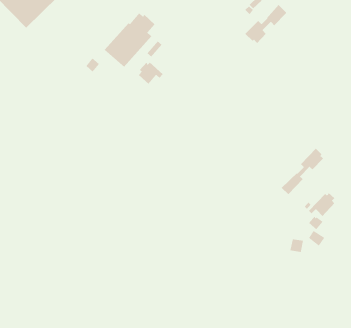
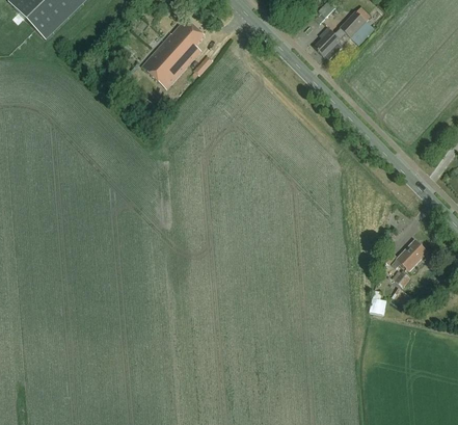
building: [138,62,164,85] -> none
building: [281,148,324,195] -> none

